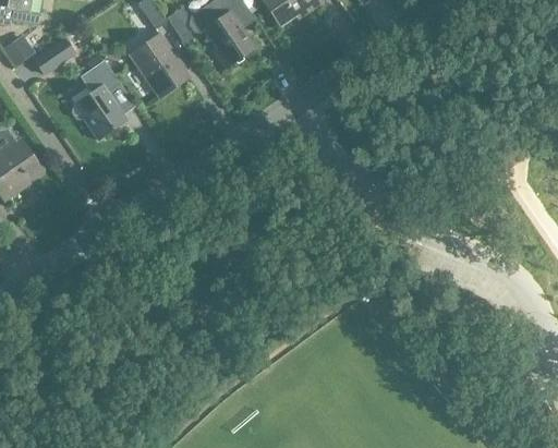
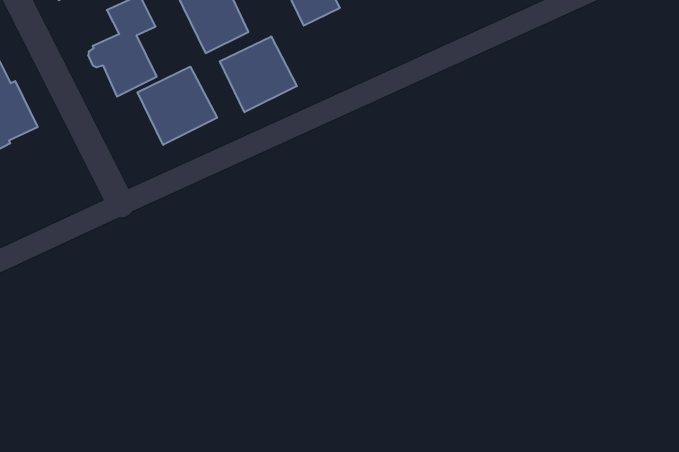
building: none -> [220,36,297,112]
building: none -> [137,67,217,145]

